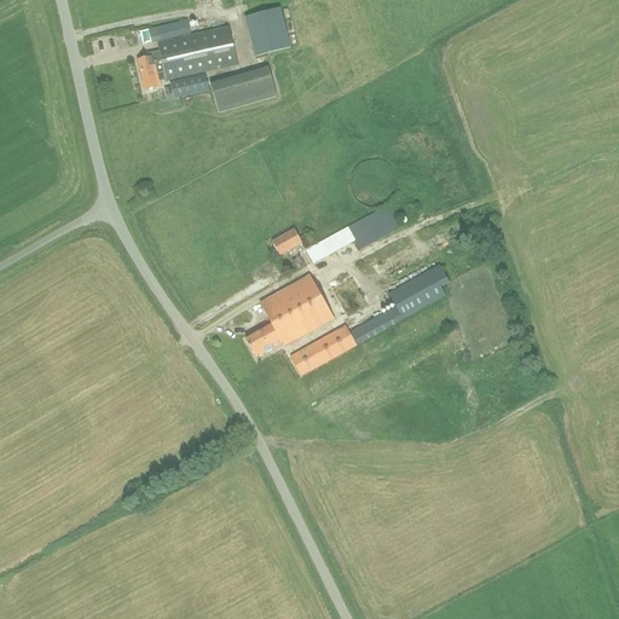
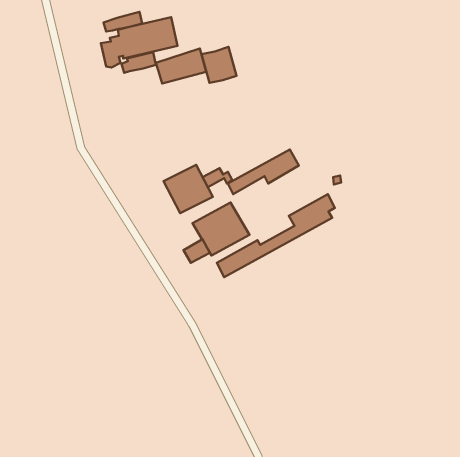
building: [244,7,291,56] -> [201,47,236,83]
building: none -> [163,165,213,213]

